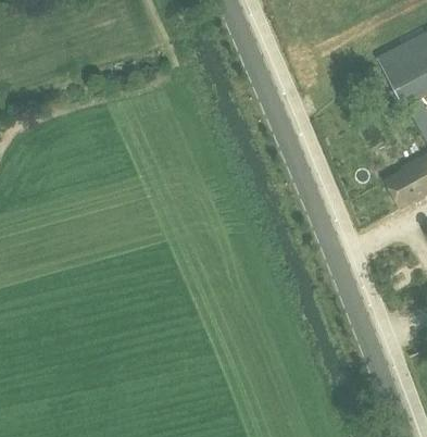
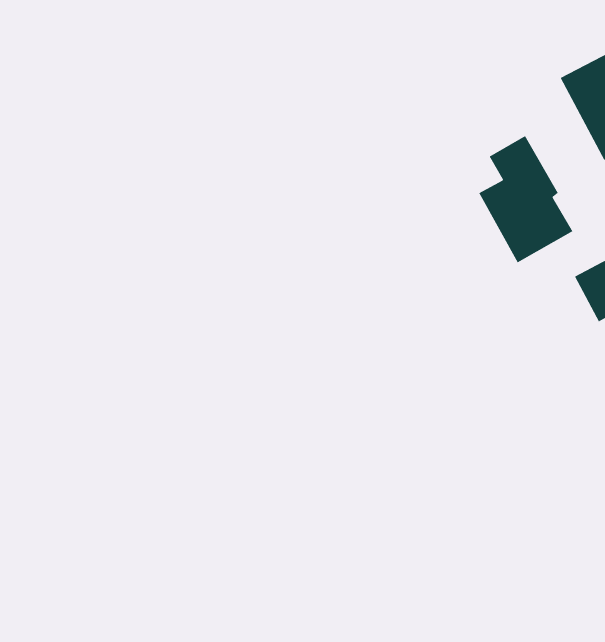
building: none -> [479,135,573,263]

